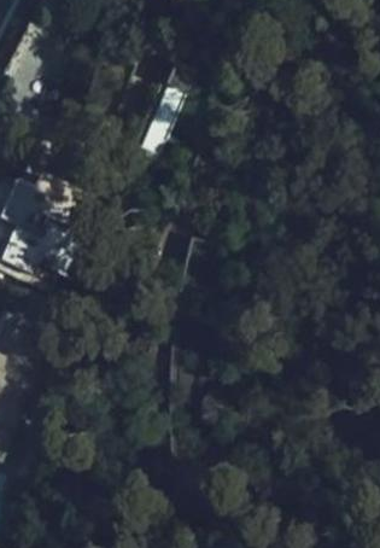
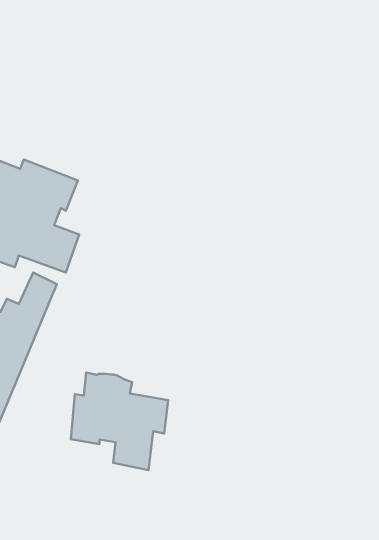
building: none -> [71,373,168,470]

